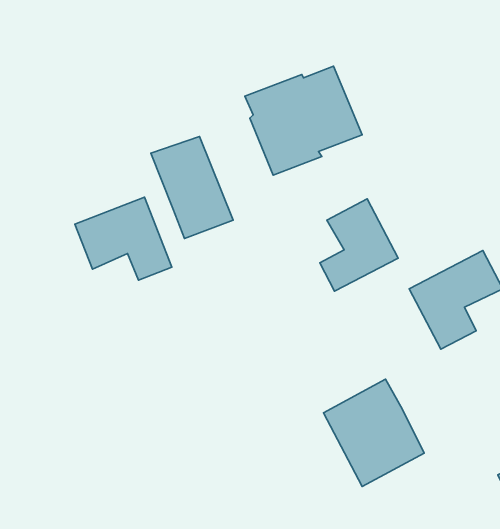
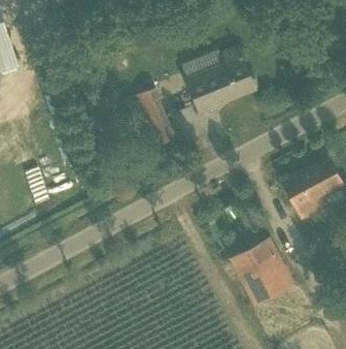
building: [75,197,172,280] -> none
building: [320,199,398,291] -> none

